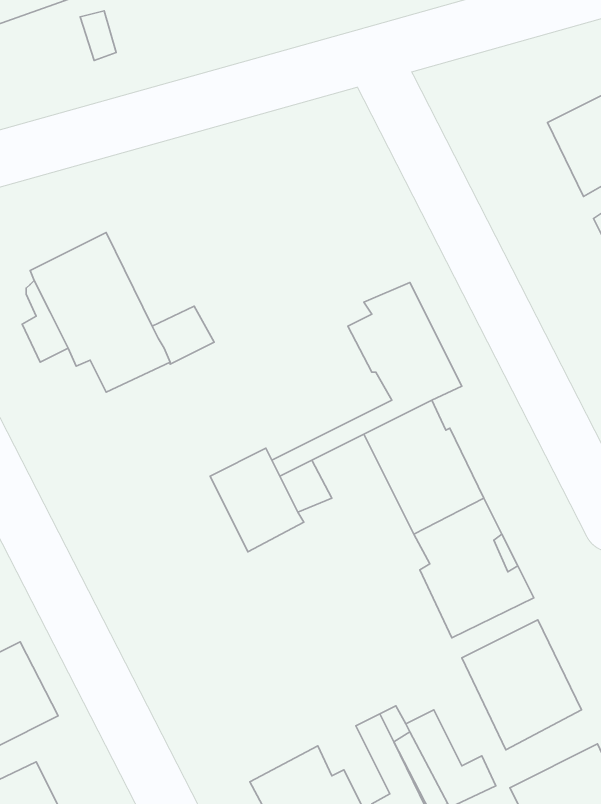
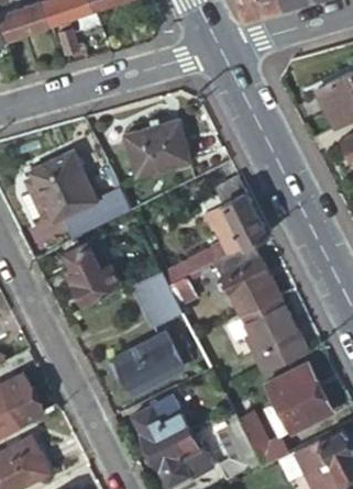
building: none -> [125,120,189,176]
building: none -> [63,236,118,302]
building: none -> [110,334,181,397]
building: none -> [133,399,188,453]

